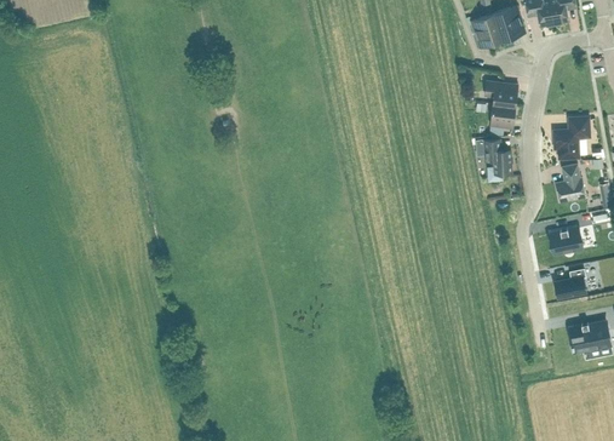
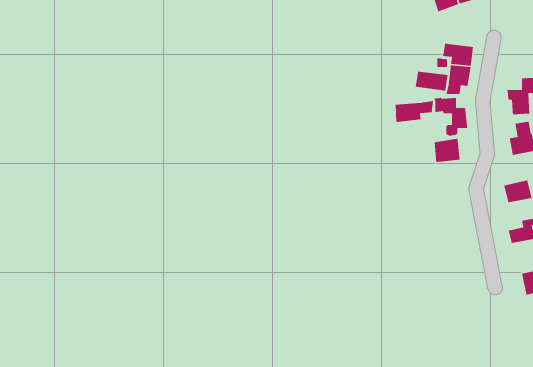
building: none -> [415,71,448,92]
building: none -> [395,100,434,123]
building: none -> [434,138,460,163]

